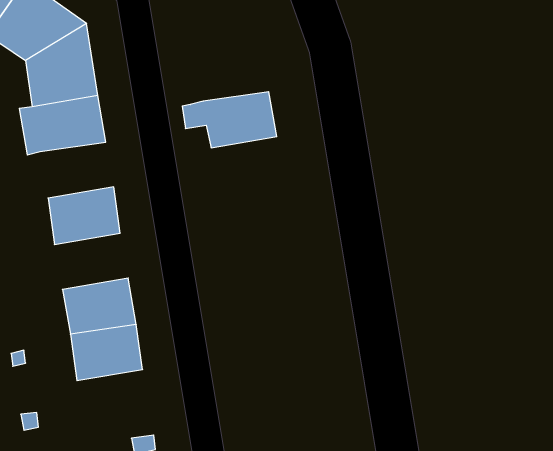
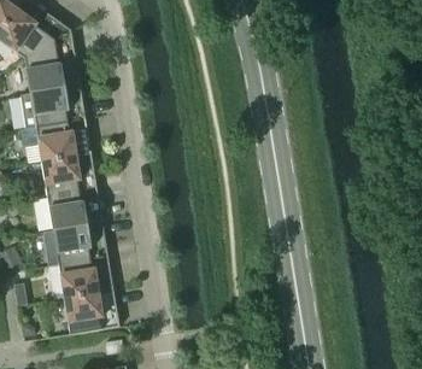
building: [182,92,277,148] -> [19,121,90,163]
building: none -> [46,189,101,232]
building: none -> [63,292,118,335]

